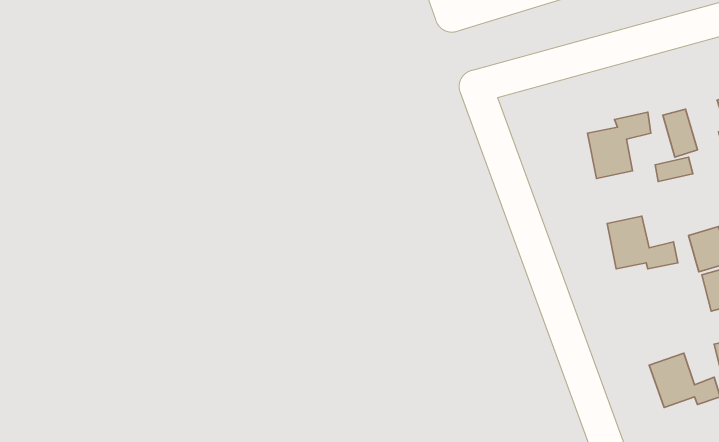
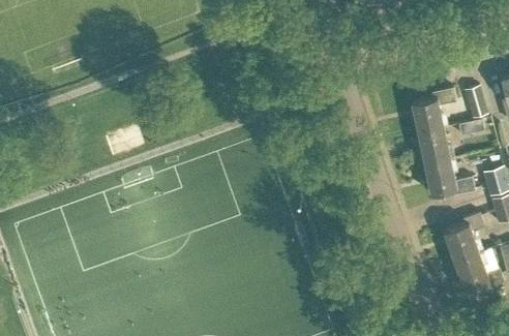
building: none -> [419,128,450,164]
building: none -> [444,214,484,262]

